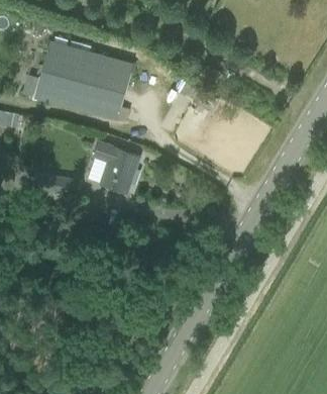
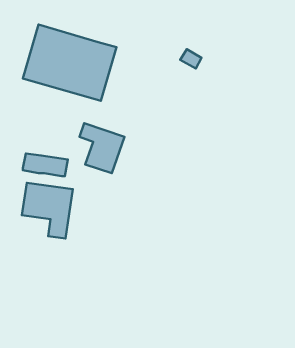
building: none -> [22,183,73,238]

